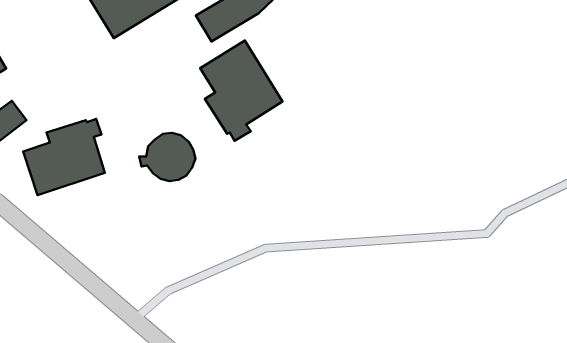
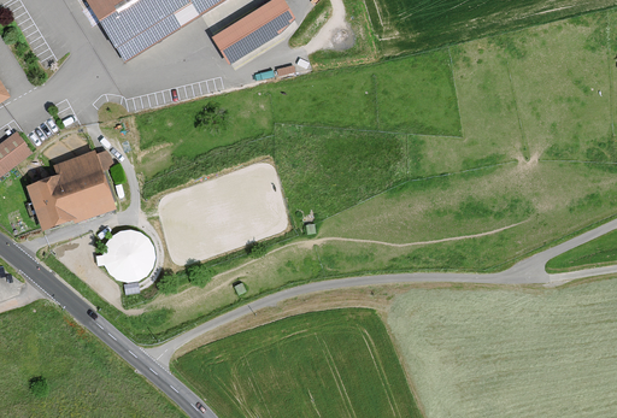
building: [200,40,282,141] -> none
building: [139,133,195,181] -> [94,229,154,281]

